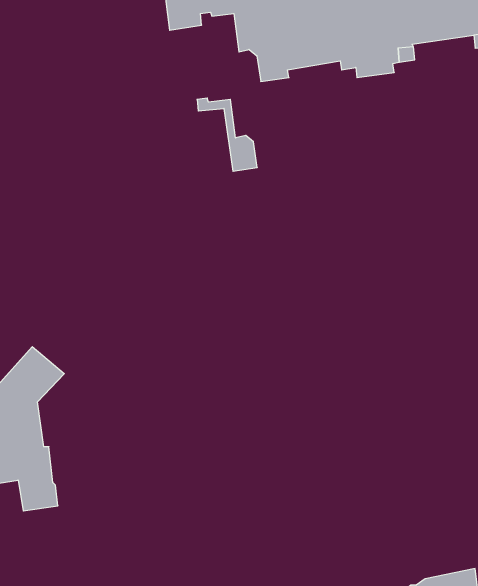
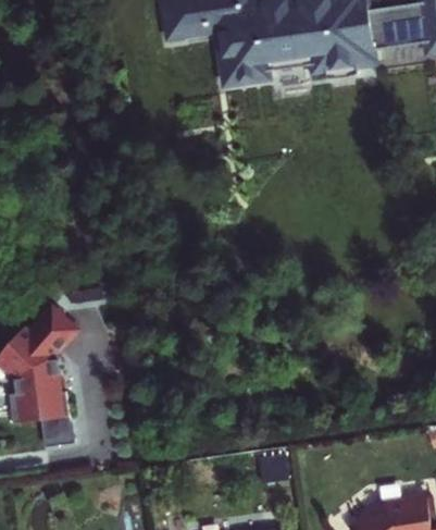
building: [197,98,257,171] -> [195,24,246,86]

